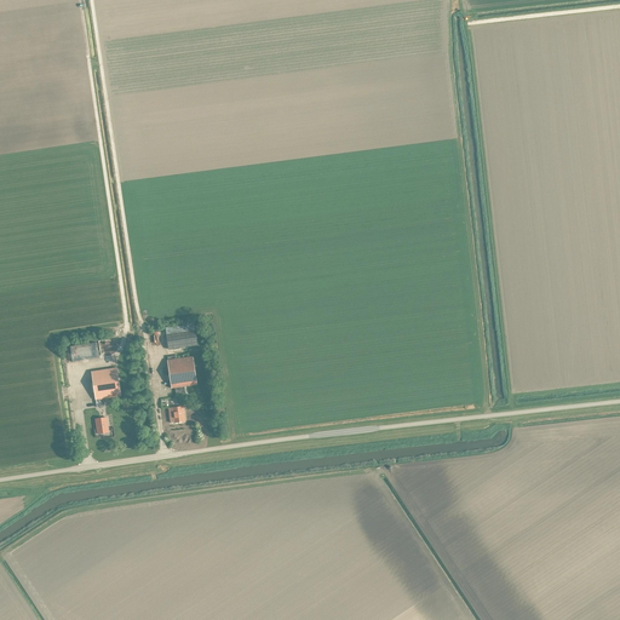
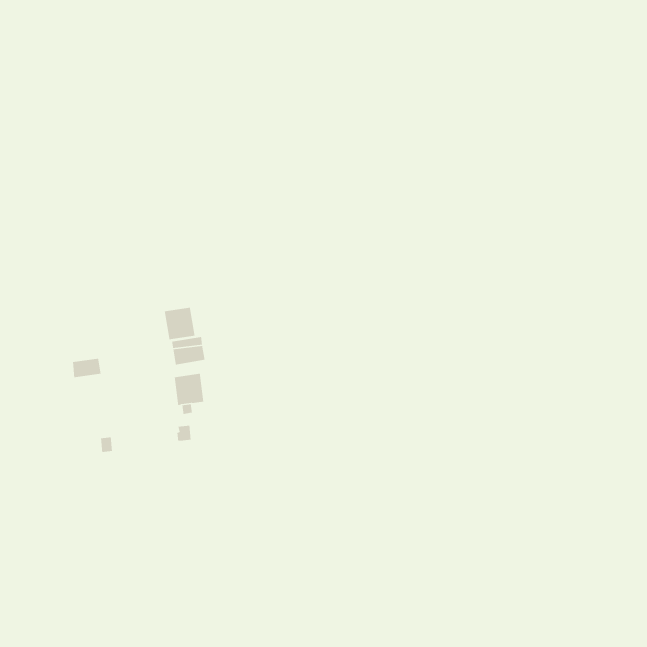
building: none -> [164,307,195,340]
building: [90,367,119,406] -> none

